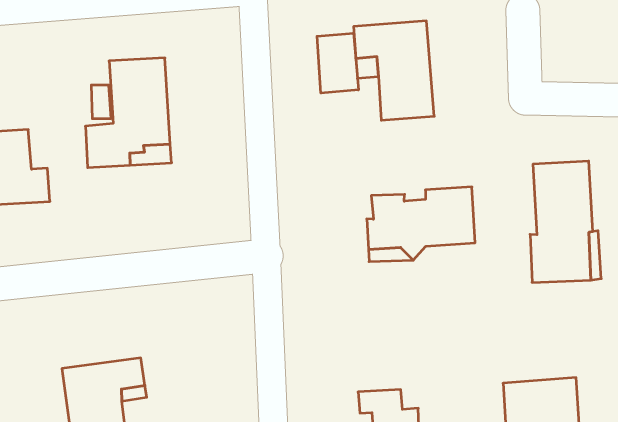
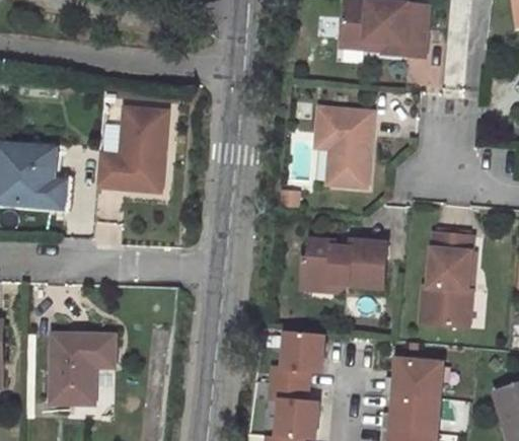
building: [317,33,358,93] -> none
building: none -> [276,335,325,387]
building: none -> [386,360,444,398]

